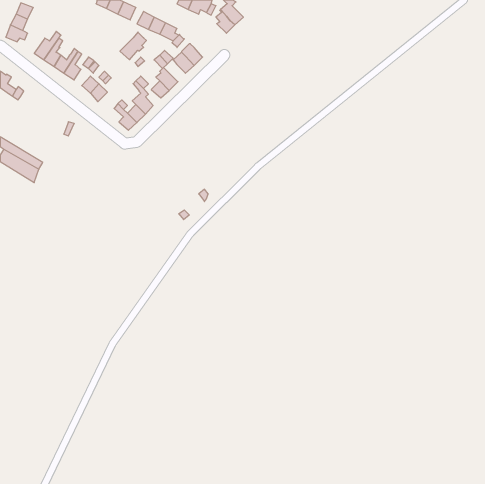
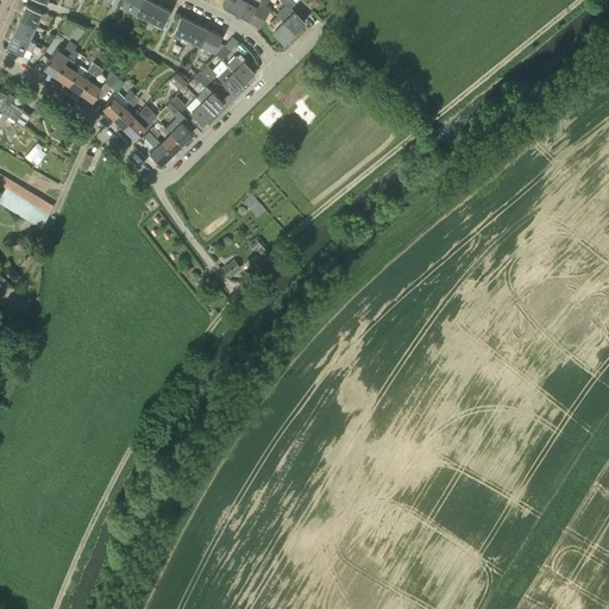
building: [120,32,146,60] -> [124,106,157,140]

